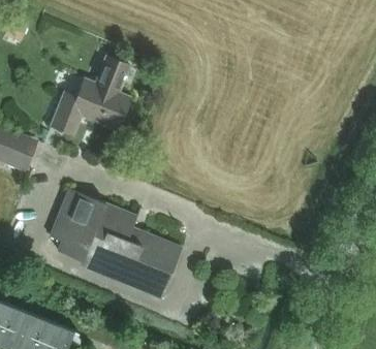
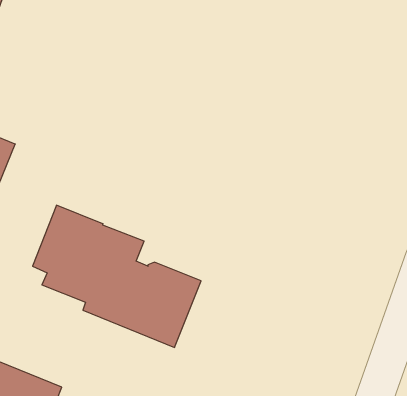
building: [51,57,130,135] -> none

